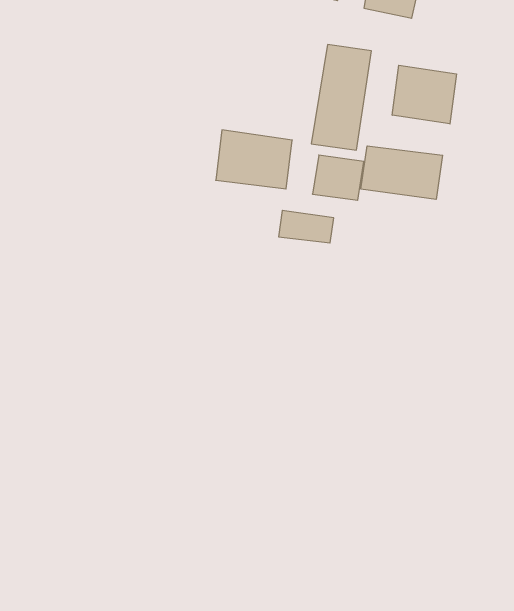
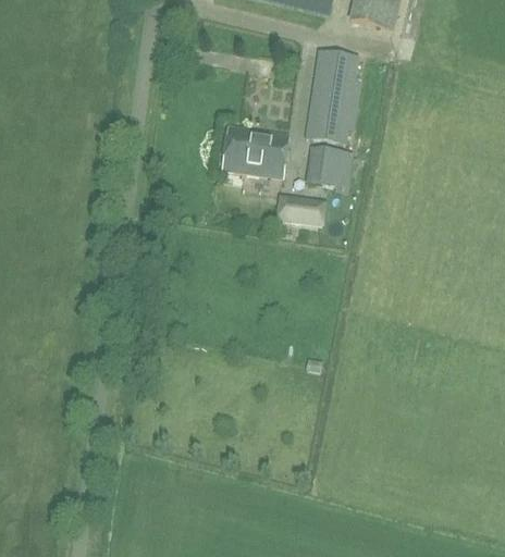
building: [392,65,456,124] -> none
building: [361,146,443,199] -> none

